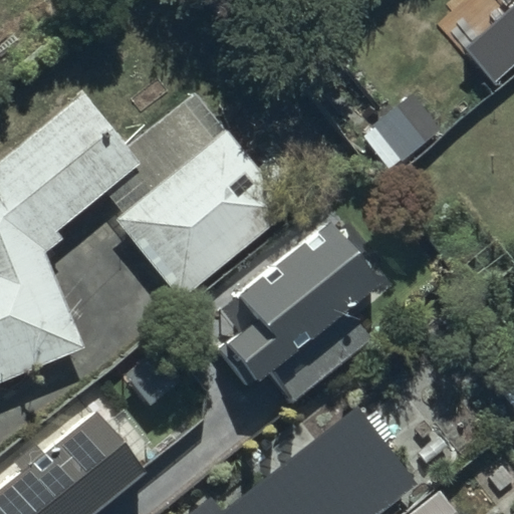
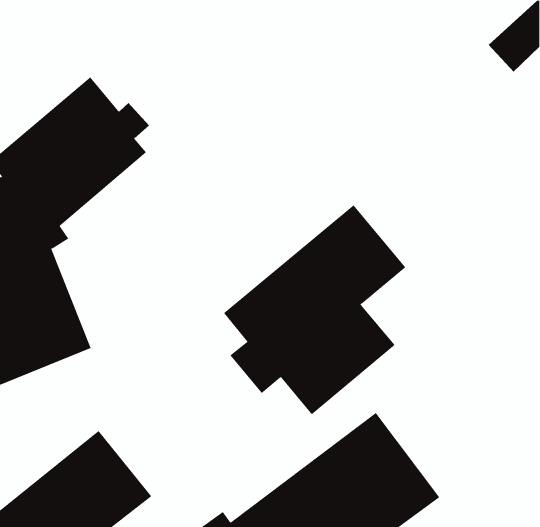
building: [117,131,297,300] -> none

